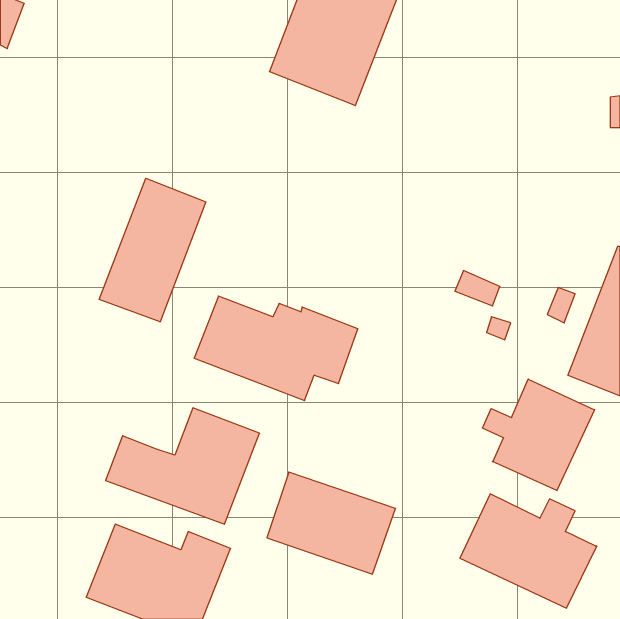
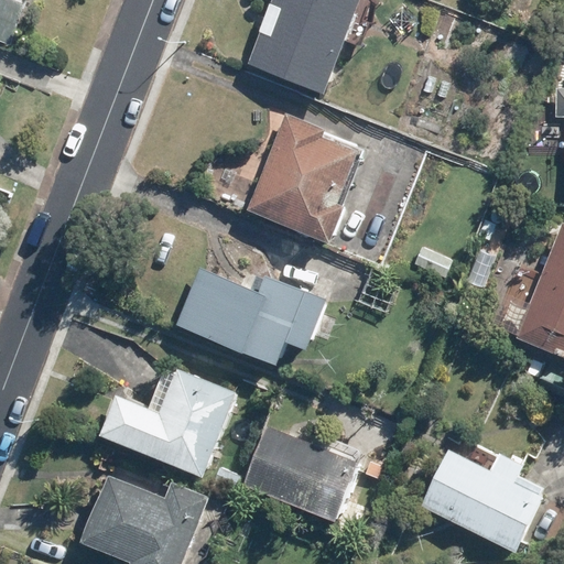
building: none -> [246,113,357,243]
building: [99,178,206,322] -> none
building: [482,379,595,491] -> none

